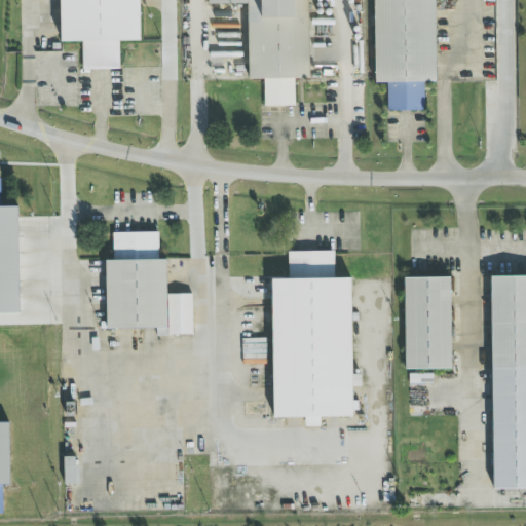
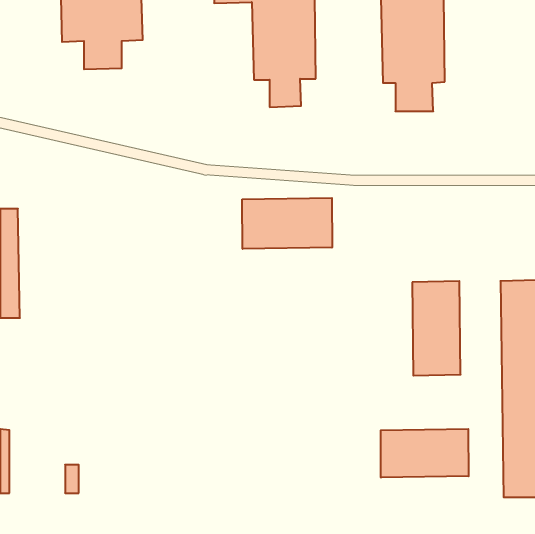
building: none -> [242,198,332,249]
building: [106,231,193,334] -> none
building: [272,250,353,425] -> none
building: none -> [381,429,469,478]

